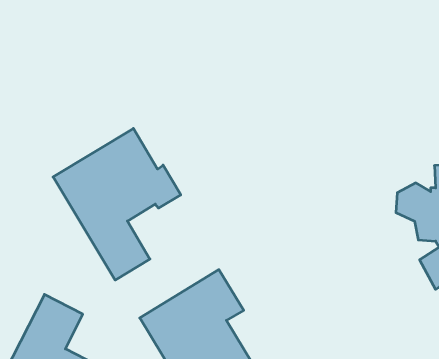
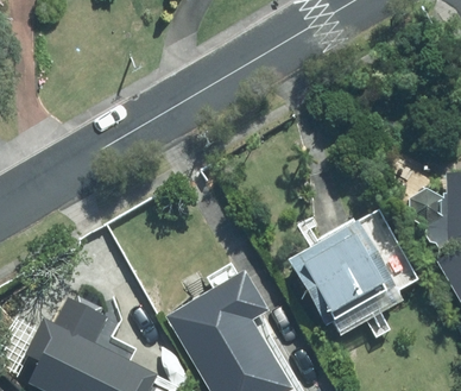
building: [53,128,181,280] -> none
building: none -> [289,220,396,326]

